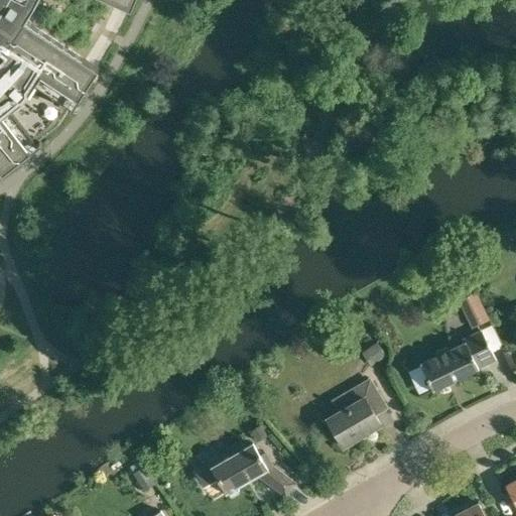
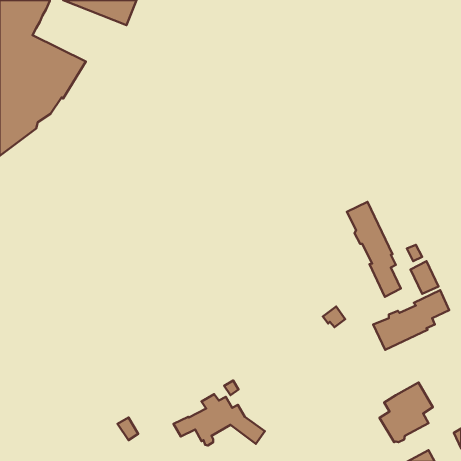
building: none -> [347,202,401,297]
building: [327,380,386,446] -> [380,383,433,442]

